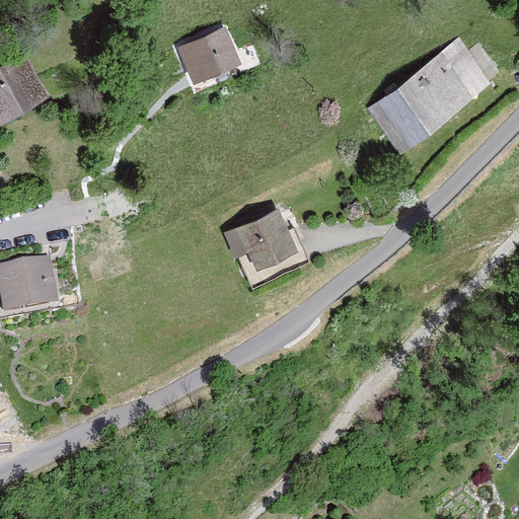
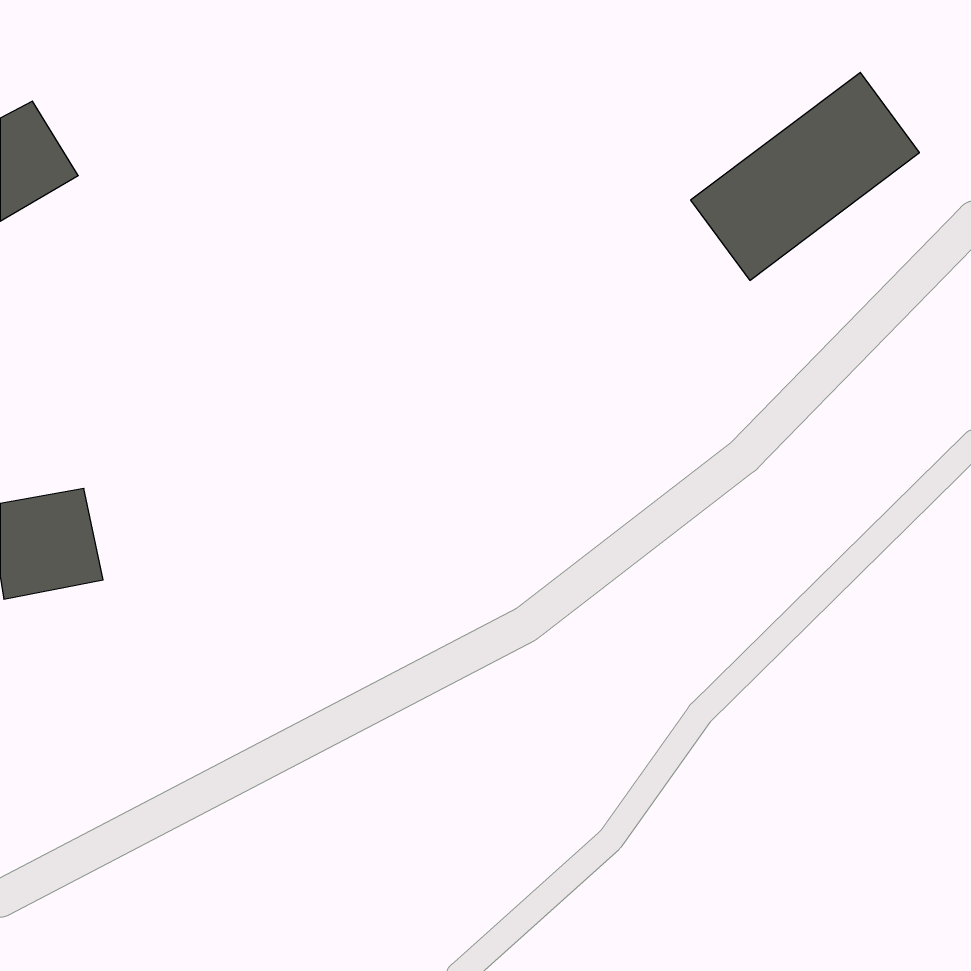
building: [177,27,239,83] -> none
building: [223,210,294,268] -> none

